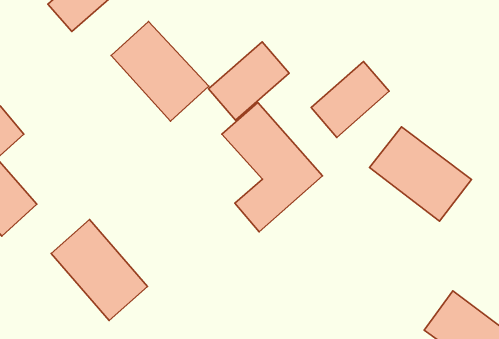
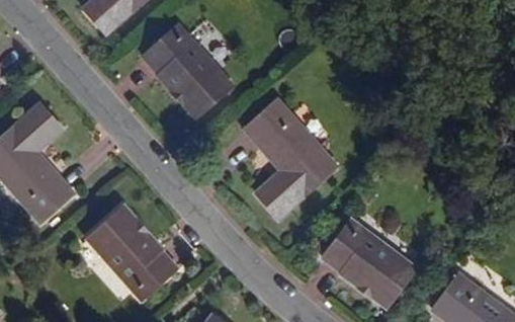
building: [209,42,289,120] -> none
building: [311,62,389,137] -> none
building: [370,127,471,221] -> [322,220,416,307]

